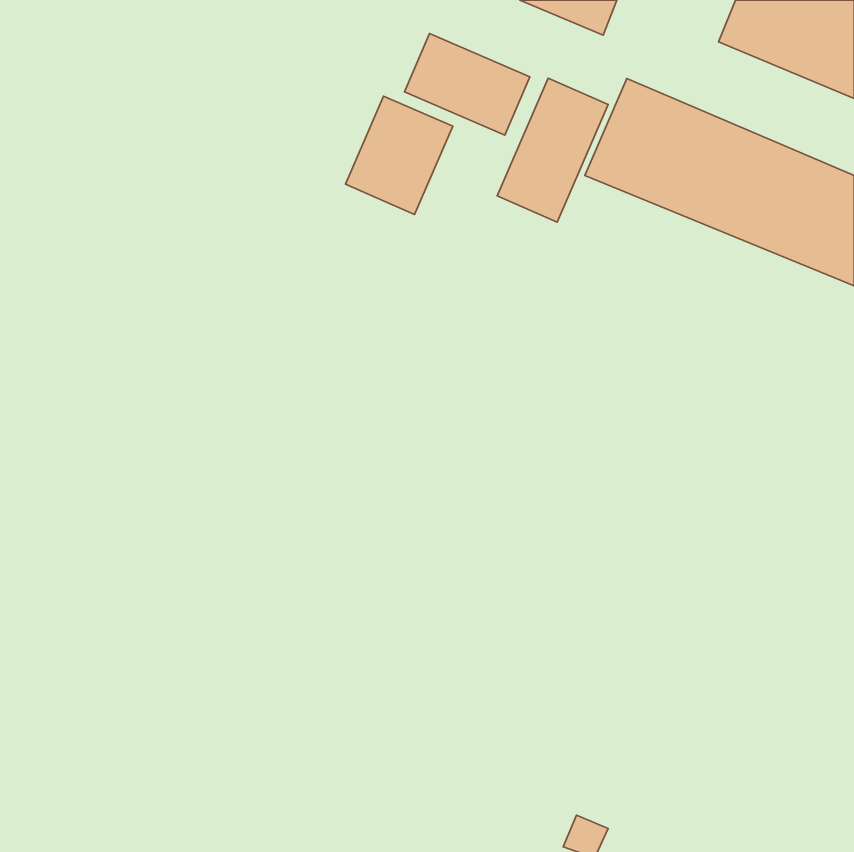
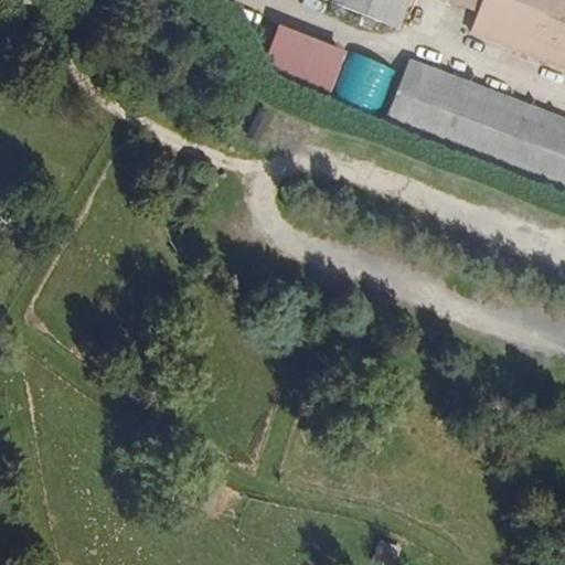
building: [497,78,608,222] -> none
building: [345,96,453,214] -> none

